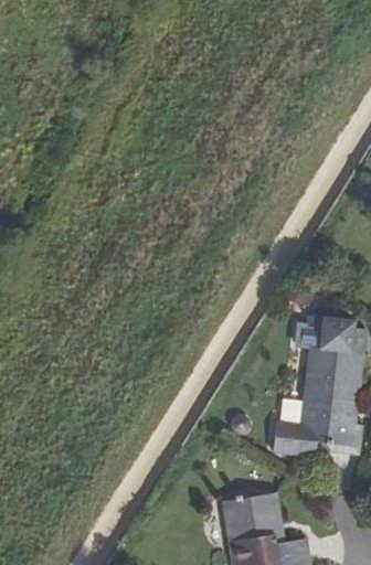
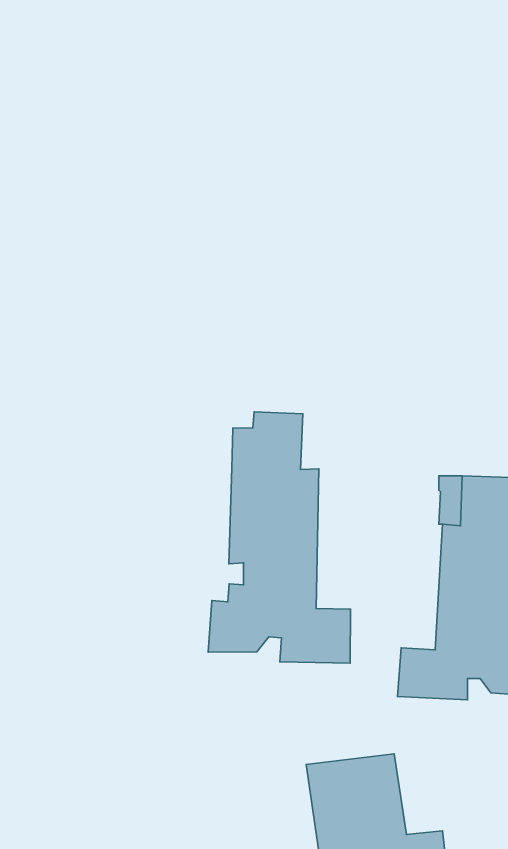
building: none -> [208,412,351,663]

